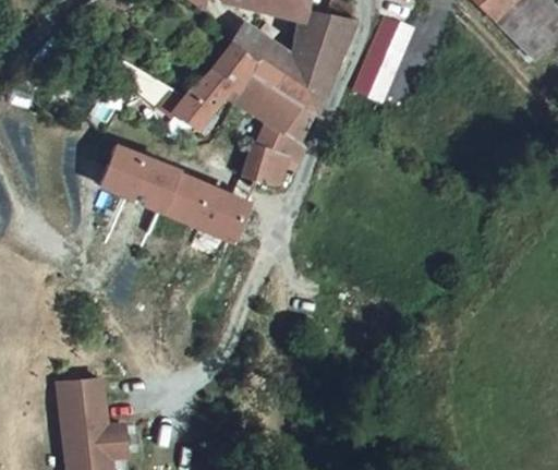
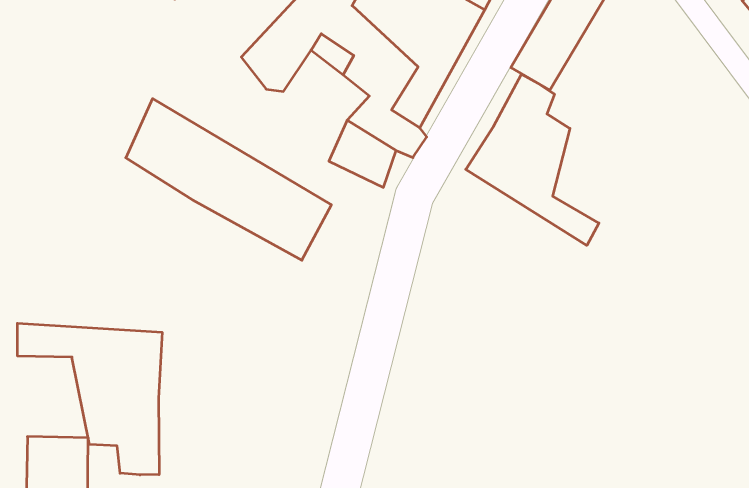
building: none -> [466,74,599,245]
building: none -> [17,323,162,475]

